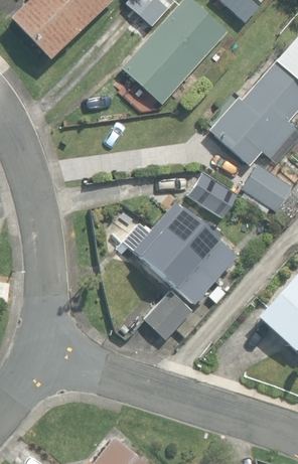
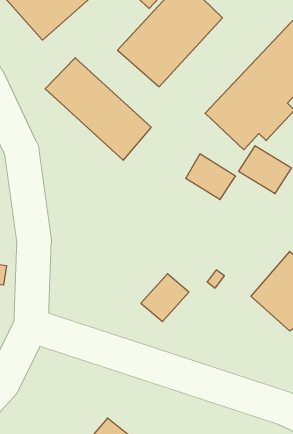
building: none -> [45,58,151,160]
building: [131,197,237,305] -> none

